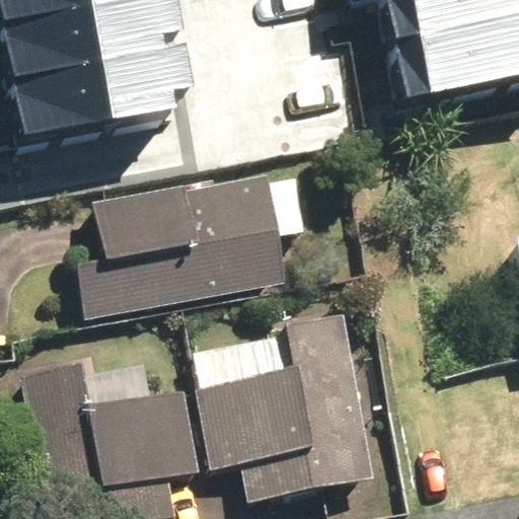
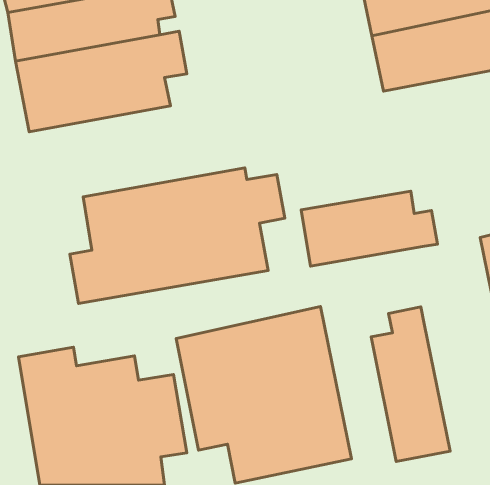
building: none -> [301,191,437,266]
building: none -> [371,307,450,462]

